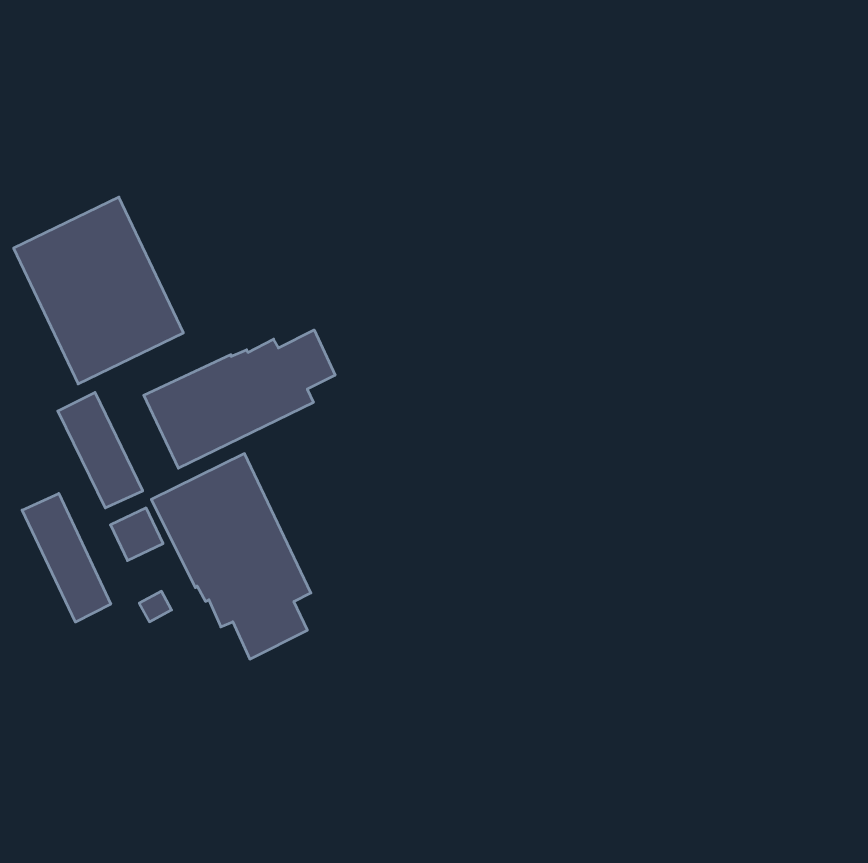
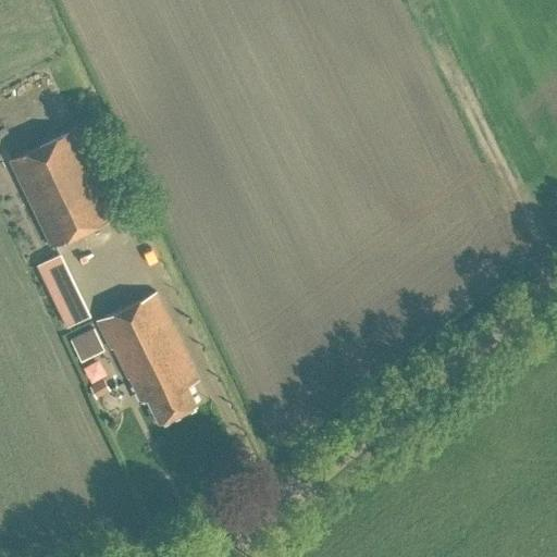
building: [144,330,335,468] -> none
building: [22,493,111,622] -> none

